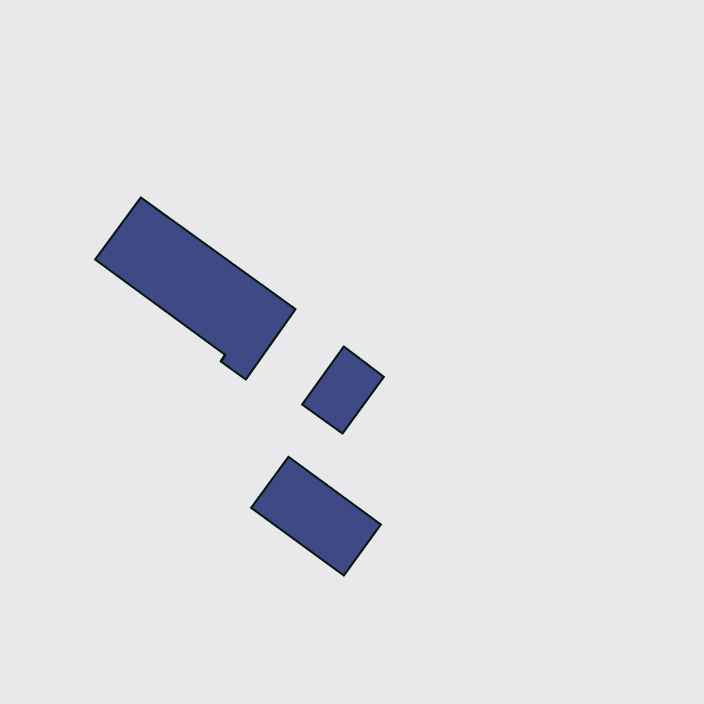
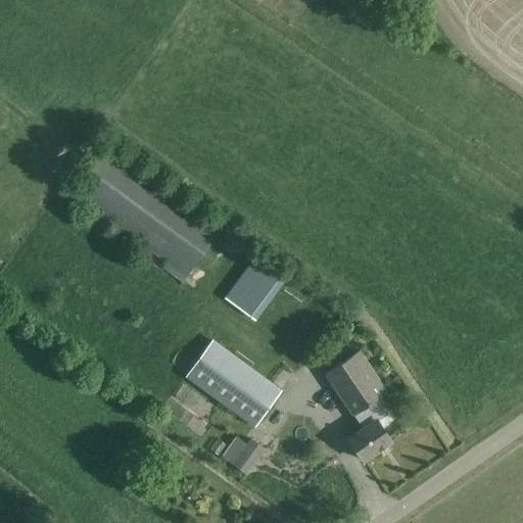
building: none -> [324,351,390,462]
building: none -> [221,437,264,475]

